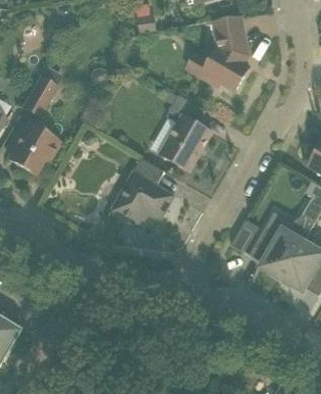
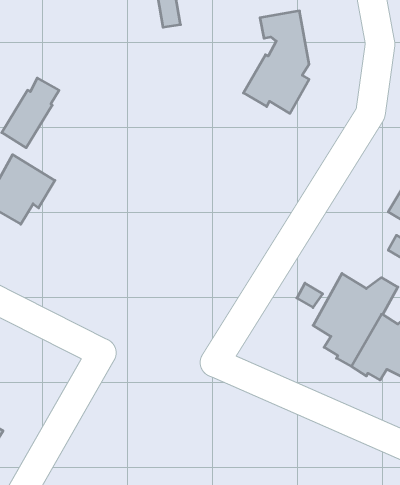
building: [160,94,211,170] -> none
building: [110,157,174,228] -> none

